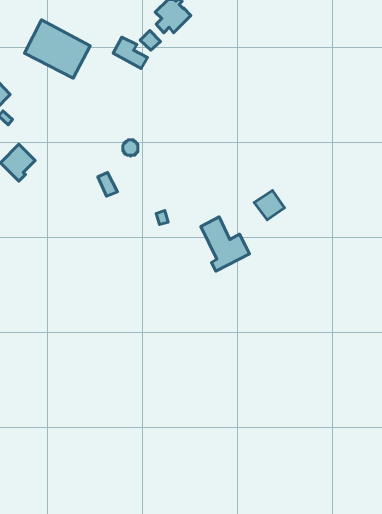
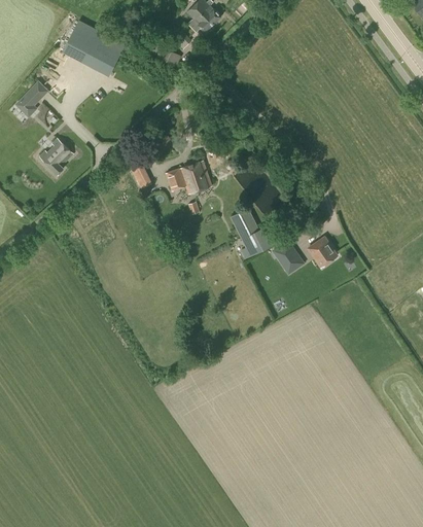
building: none -> [166,161,211,195]
building: [254,191,284,220] -> [272,241,301,269]
building: none -> [309,238,337,268]

